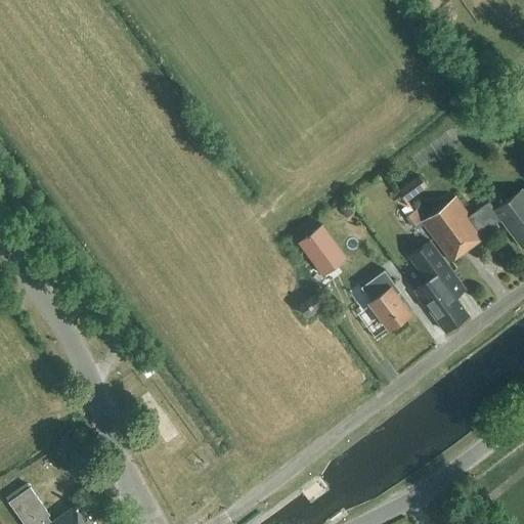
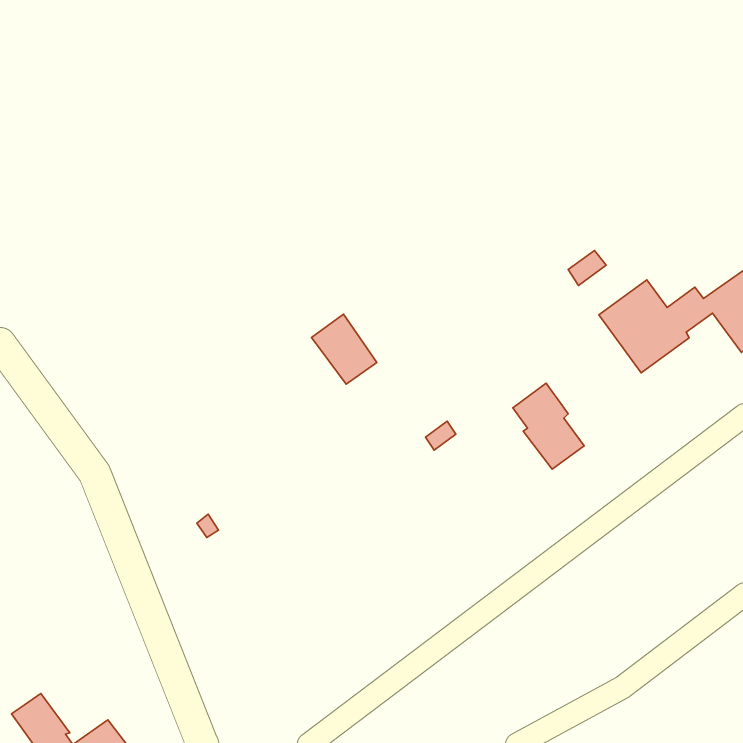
building: [298,223,344,272] -> [311,314,377,384]
building: [408,242,471,335] -> none

